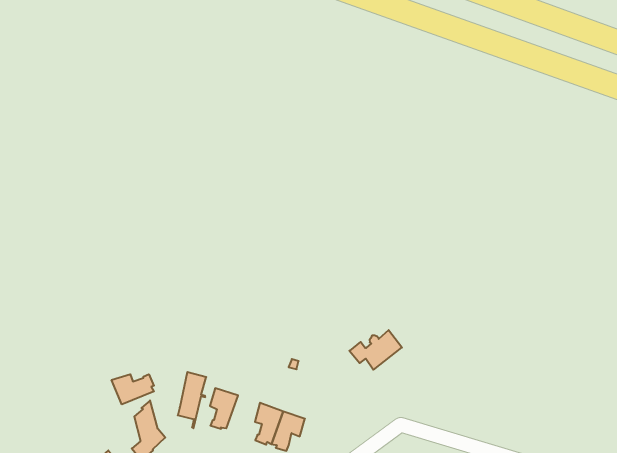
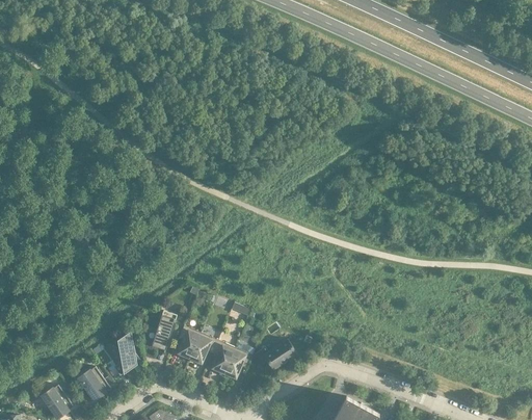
building: [349,330,402,370] -> [254,340,295,370]
building: [112,374,154,404] -> none
building: none -> [188,333,216,365]

